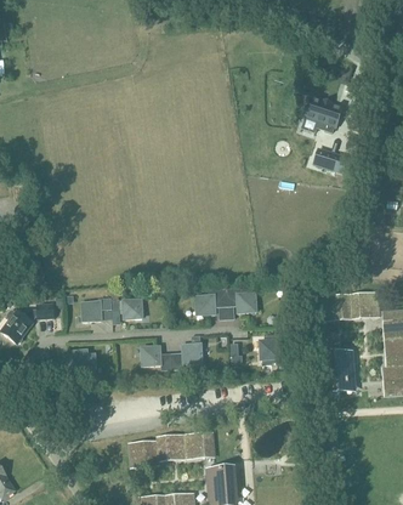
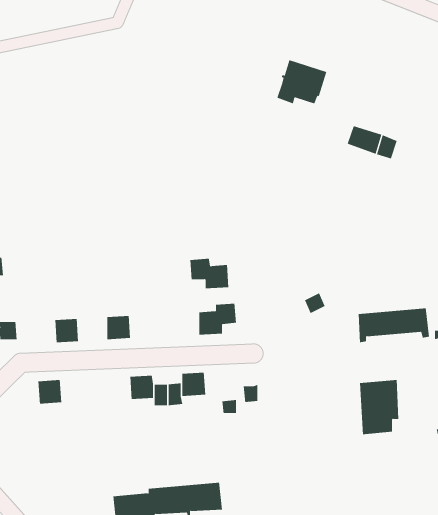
building: [301,97,341,132] -> [277,60,327,104]
building: [225,288,256,312] -> [189,258,229,289]
building: [259,333,280,364] -> none

